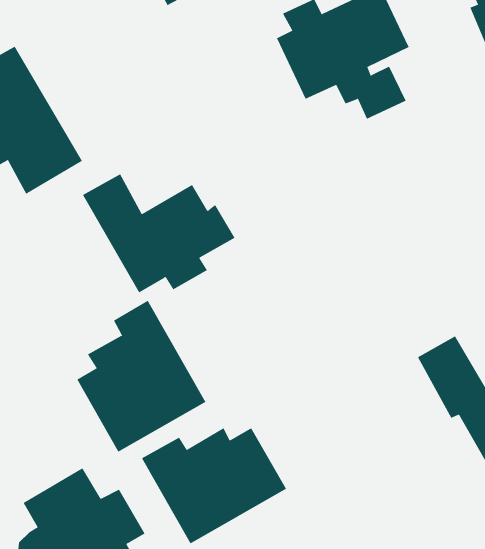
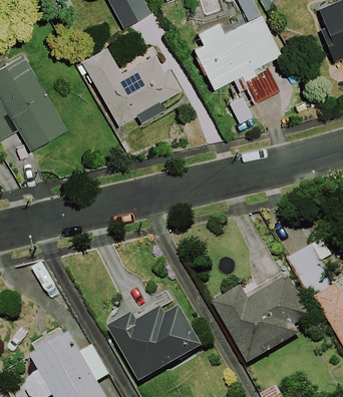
building: [82,173,236,293] -> [82,47,183,125]
building: [76,300,206,452] -> none
building: none -> [212,272,311,362]

